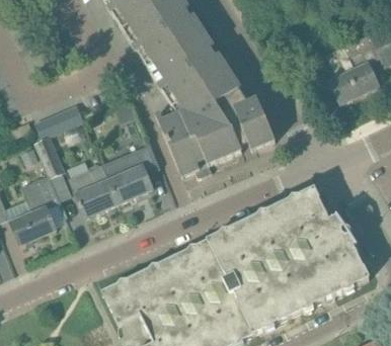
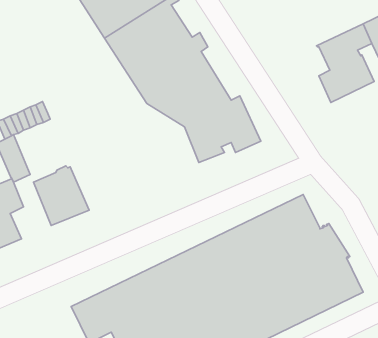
building: [156,105,220,176] -> none
building: [102,143,161,202] -> none

